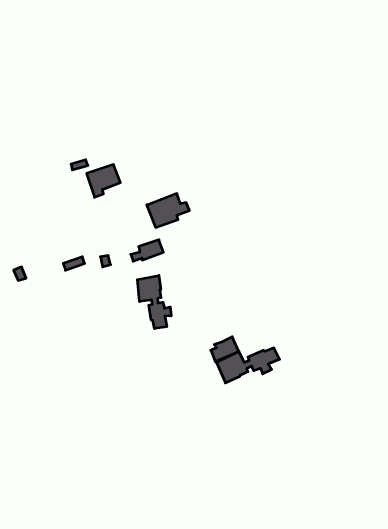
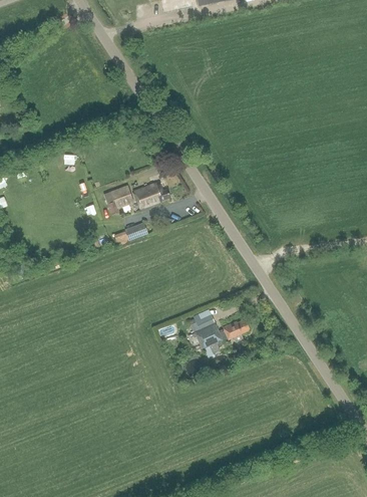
building: [87,165,120,197] -> [105,186,135,215]
building: [137,275,171,329] -> none

